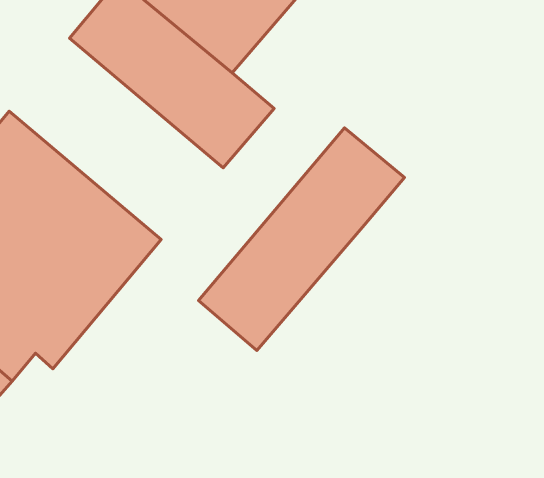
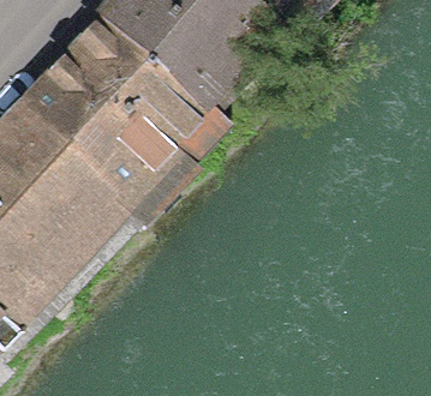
building: none -> [36,47,188,197]
building: [198,128,404,351] -> none

